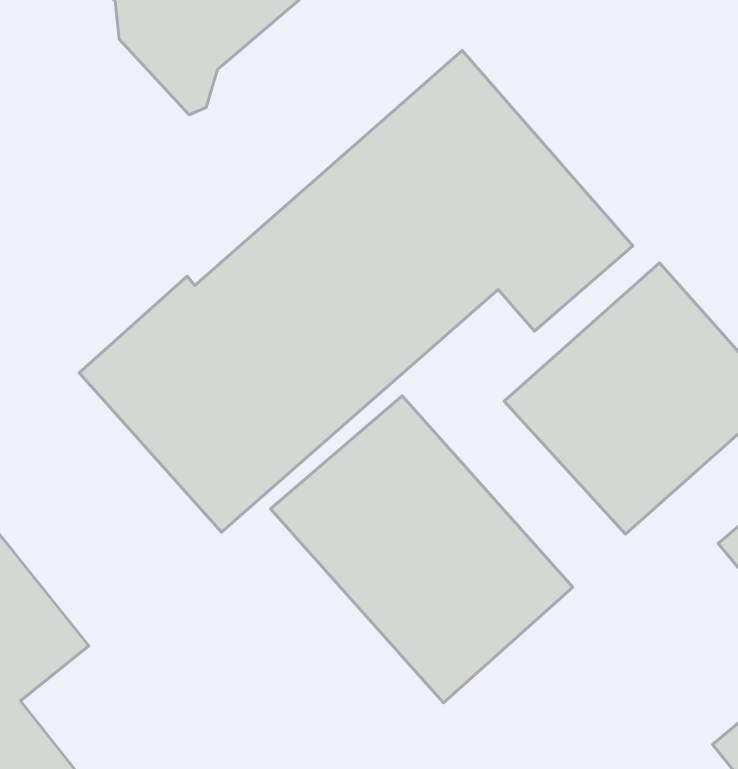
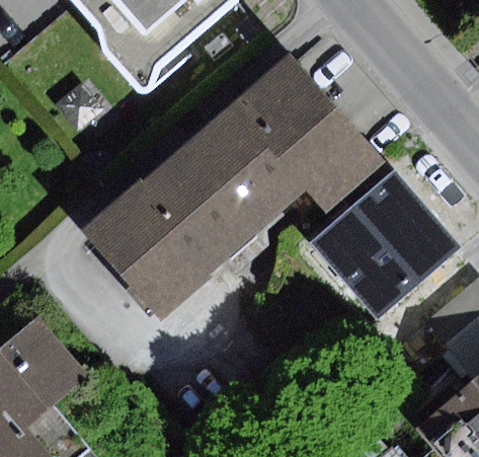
building: [271,396,573,703] -> none

